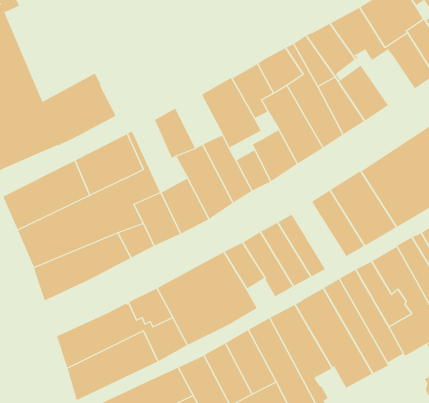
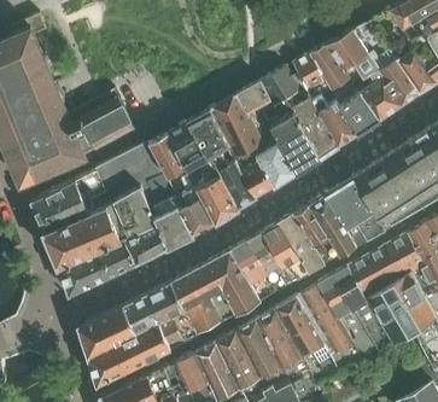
building: none -> [358,77,401,121]
building: none -> [186,111,228,159]
building: none -> [147,134,183,199]
building: none -> [291,208,339,268]

